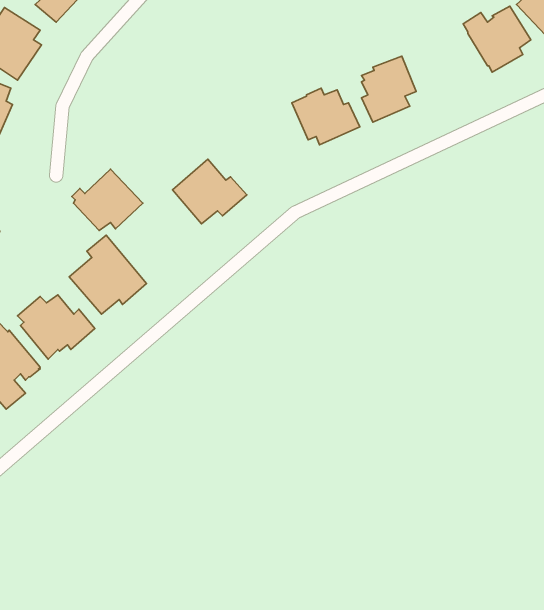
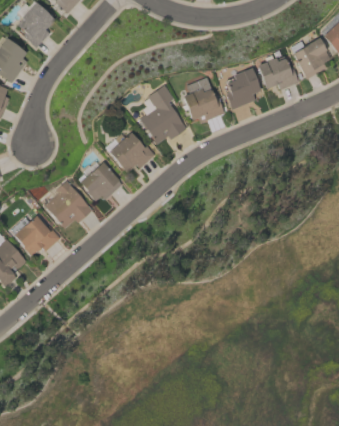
building: none -> [255,57,298,90]
building: none -> [139,85,186,144]
building: [72,169,143,231] -> [78,162,122,200]

